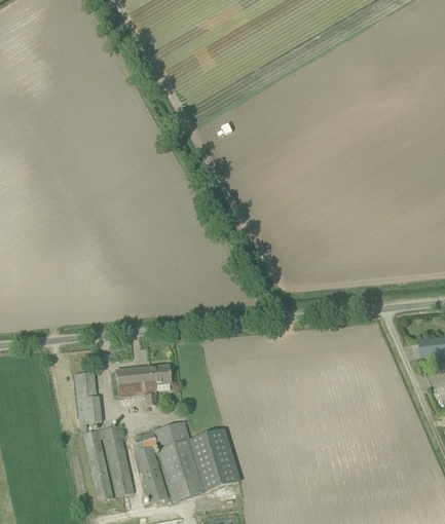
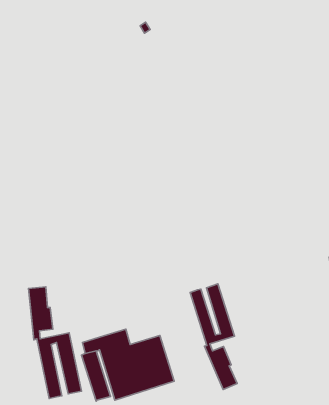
building: [115,364,170,404] -> none
building: none -> [190,284,237,389]

